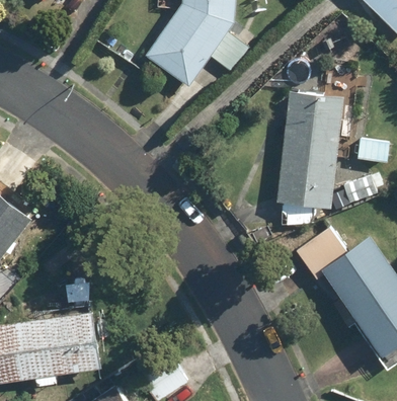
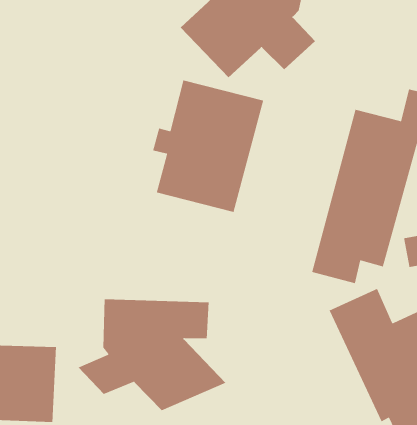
building: none -> [152,80,264,213]
building: none -> [77,298,227,411]

